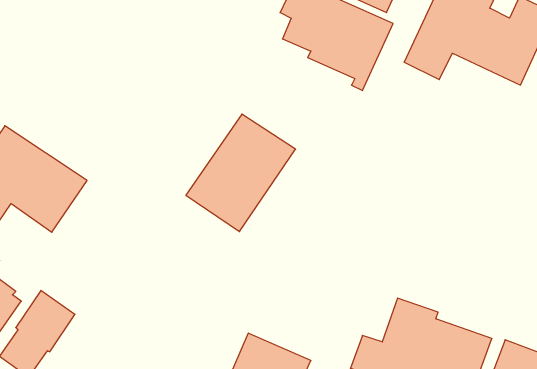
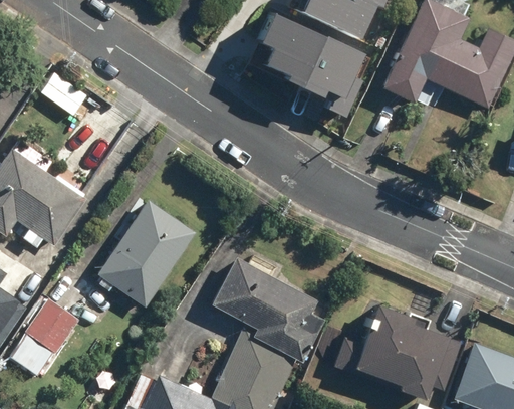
building: [186,114,296,232] -> [95,199,196,306]
building: none -> [210,256,323,362]

